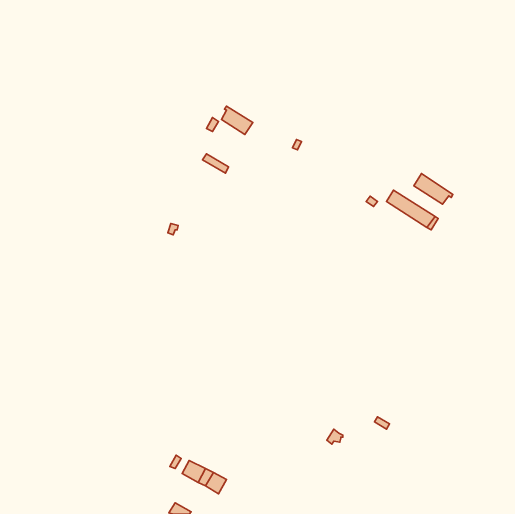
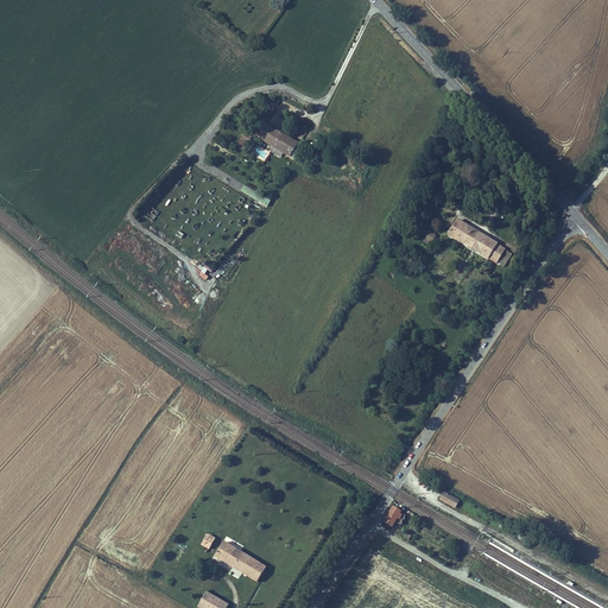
building: [414,174,453,204] -> none

